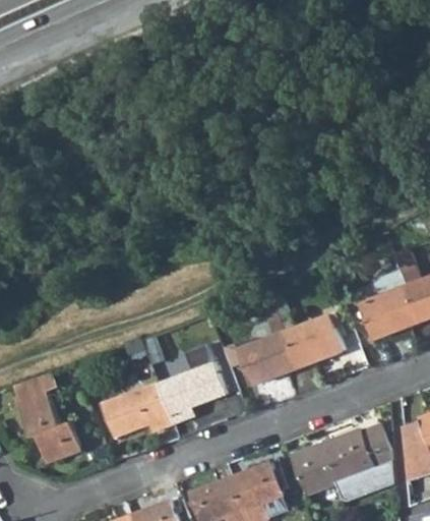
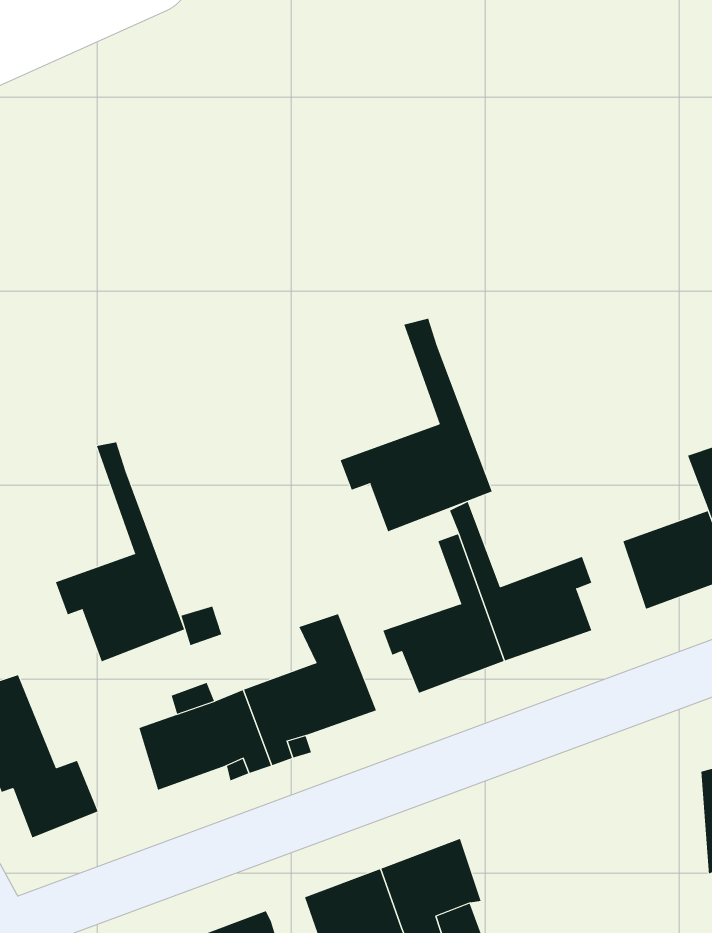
building: none -> [340,318,492,532]
building: none -> [55,441,185,662]
building: [293,423,392,500] -> none

